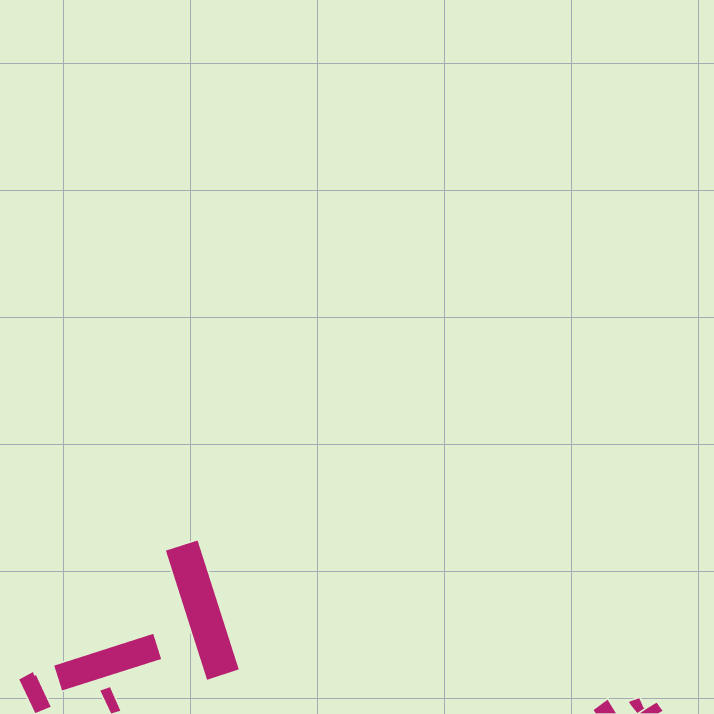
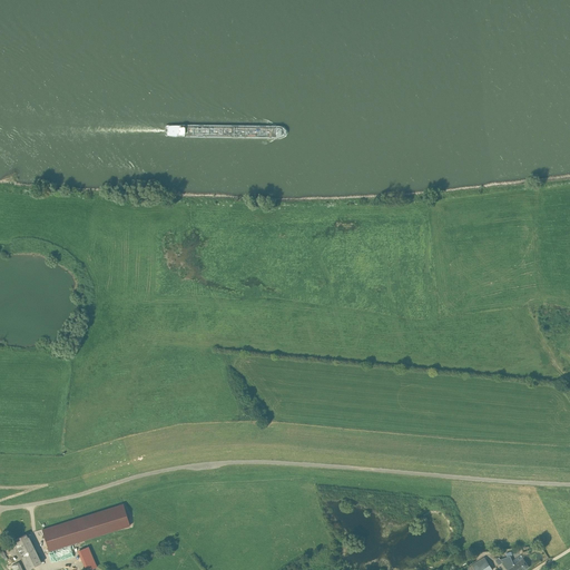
building: [165,539,240,681] -> none

